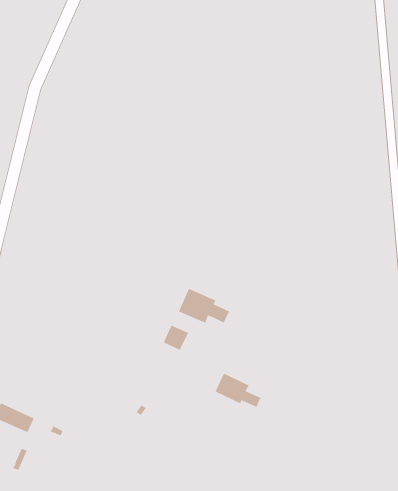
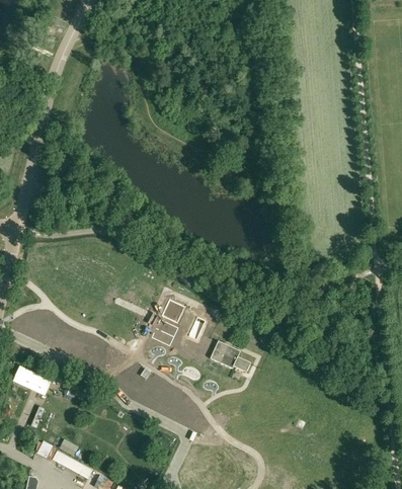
building: [178,288,230,324] -> none

